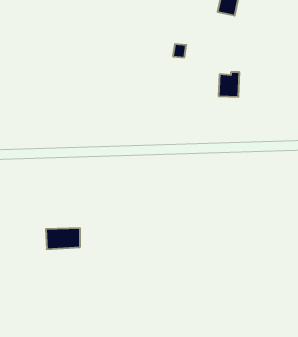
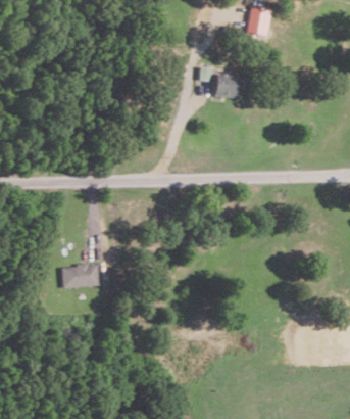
building: [219,72,239,97] -> [215,72,238,98]

